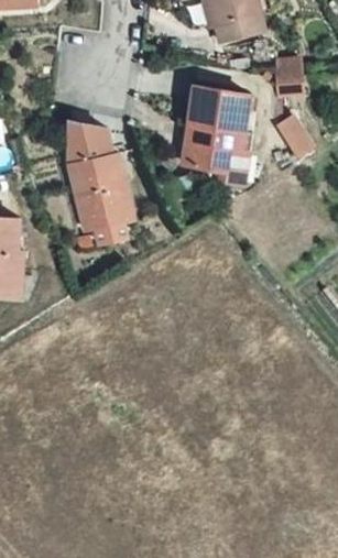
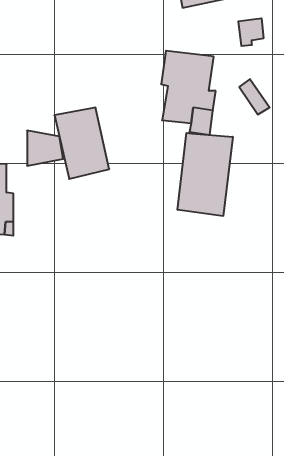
building: [69,122,110,162] -> [27,131,63,166]
building: none -> [178,133,233,216]

